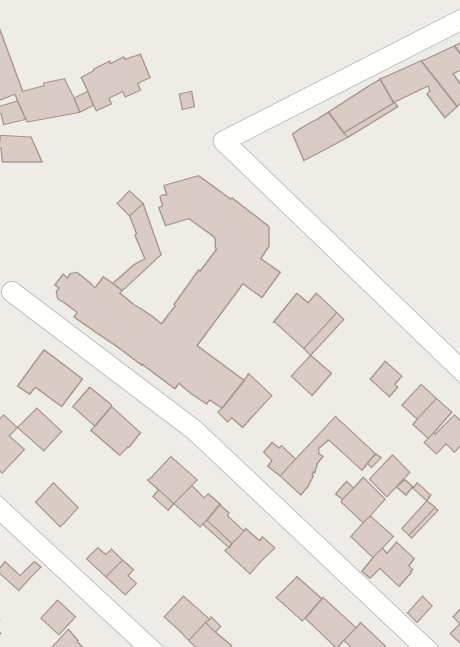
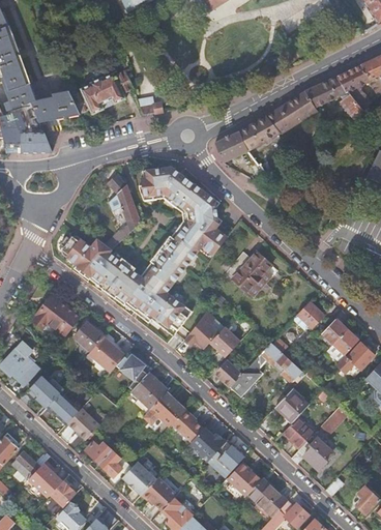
building: none -> [214,131,247,163]
building: [291,356,331,396] -> [209,327,239,357]
building: [17,408,62,451] -> [27,375,60,407]
building: none -> [117,353,151,389]
building: [370,455,410,497] -> none
building: none -> [67,408,100,440]
building: none -> [207,443,245,478]
building: none -> [122,461,156,495]
building: none -> [31,463,63,494]

